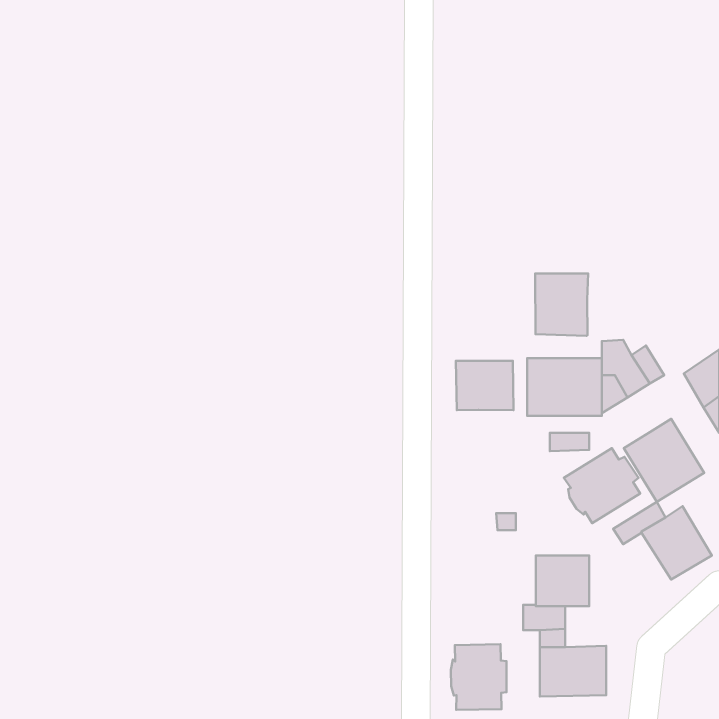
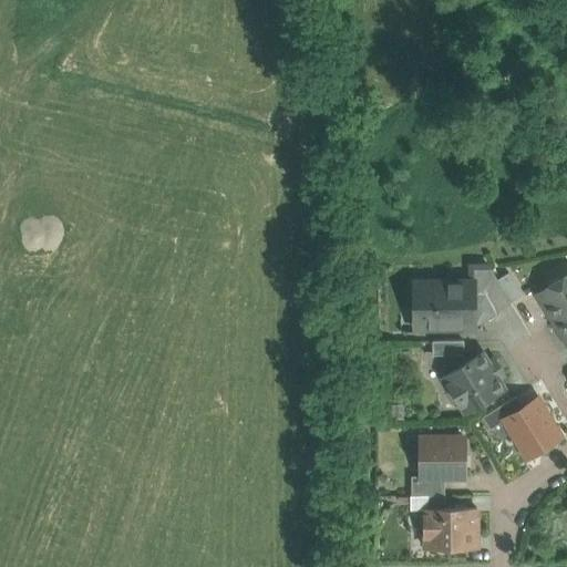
building: [535,273,588,336] -> none
building: [456,361,514,410] -> none
building: [624,419,704,502] -> none
building: [451,644,506,710] -> none

